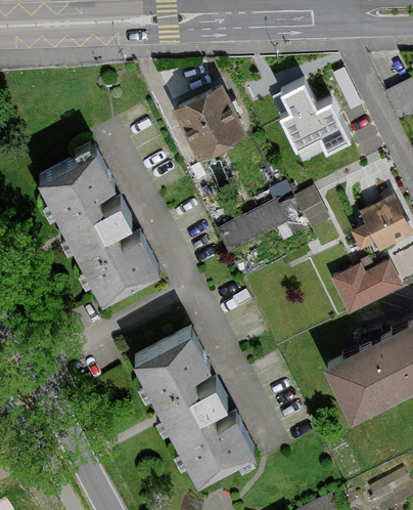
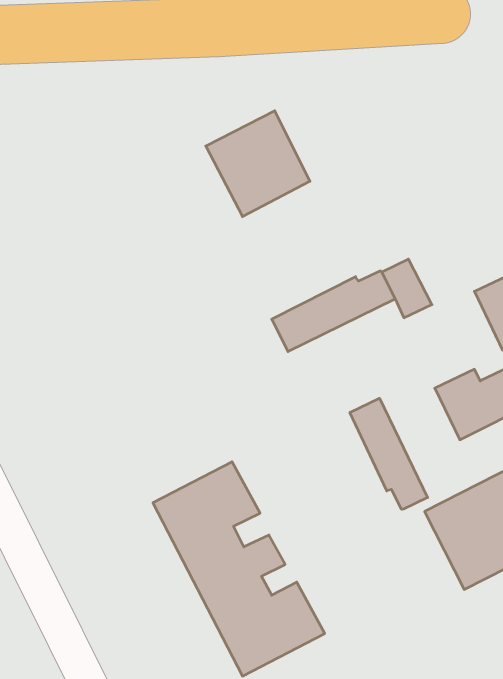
building: [276,85,349,151] -> none
building: [40,148,159,299] -> none
building: none -> [350,398,428,509]

